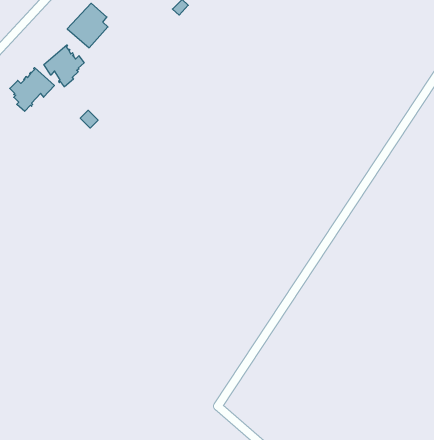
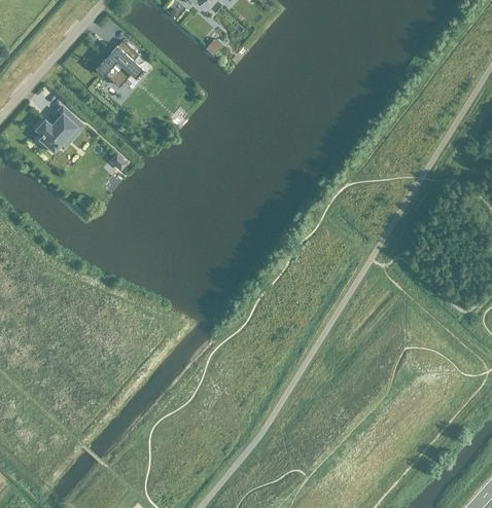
building: [44,45,84,87] -> none

